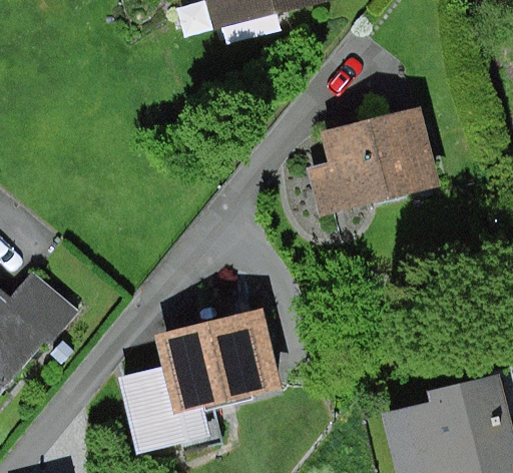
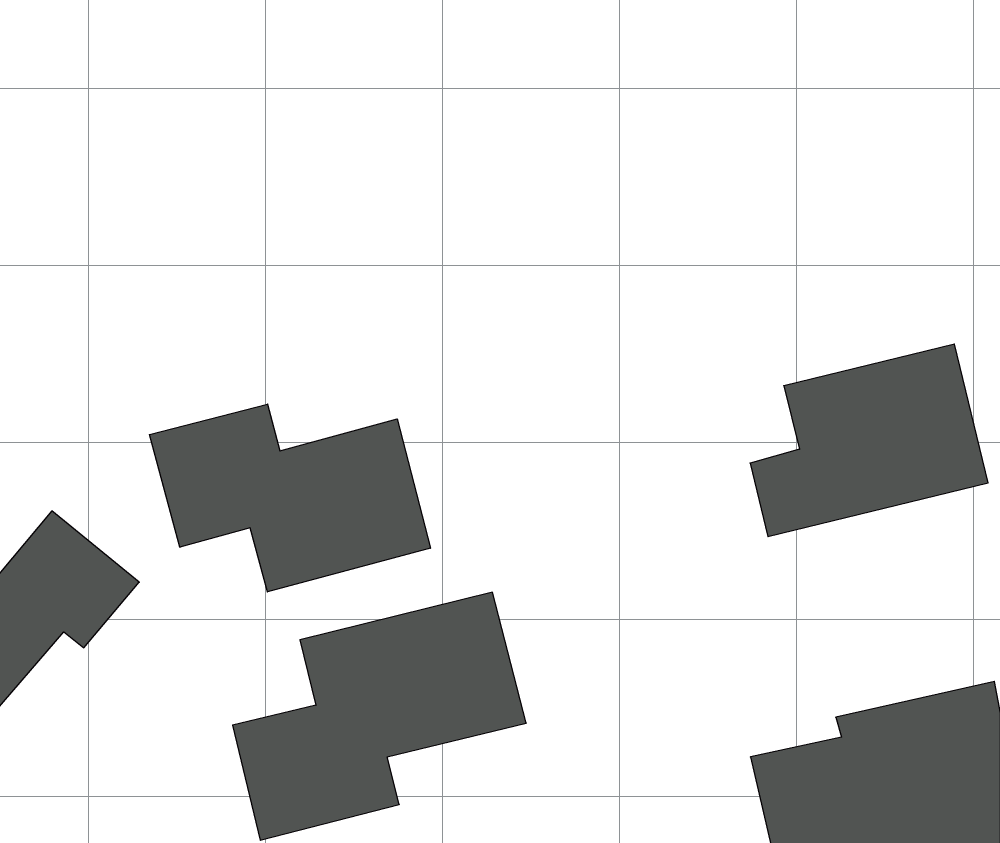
building: [312,119,432,216] -> [750,344,988,537]
building: none -> [149,404,430,592]

